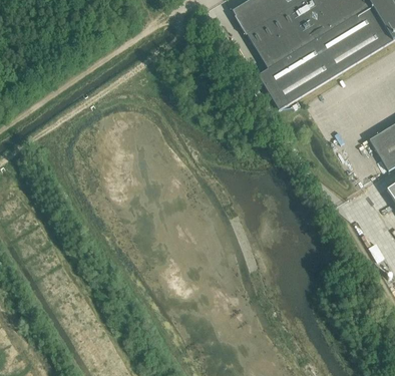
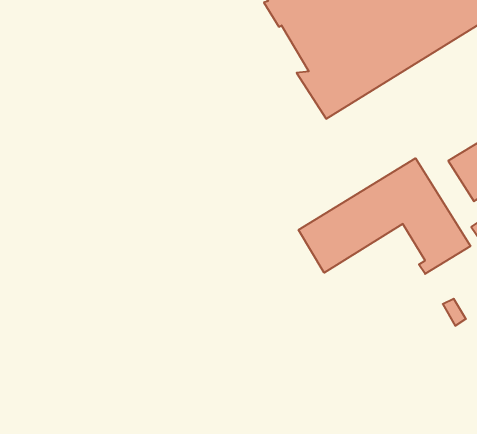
building: none -> [299,158,470,274]

